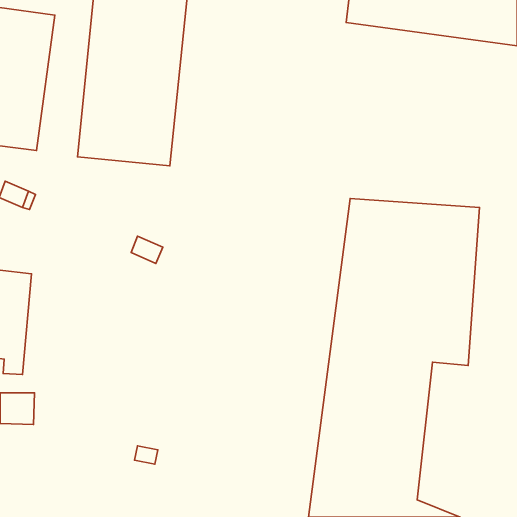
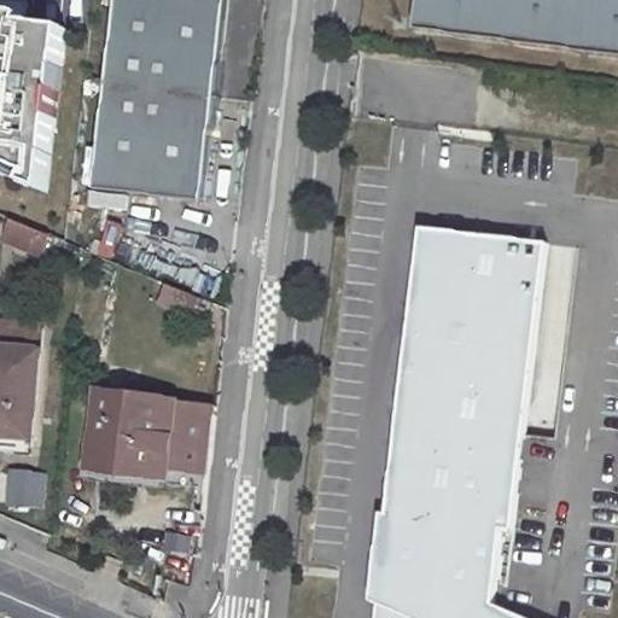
building: none -> [84,389,210,480]

